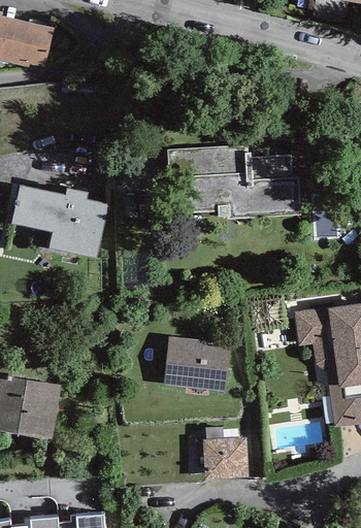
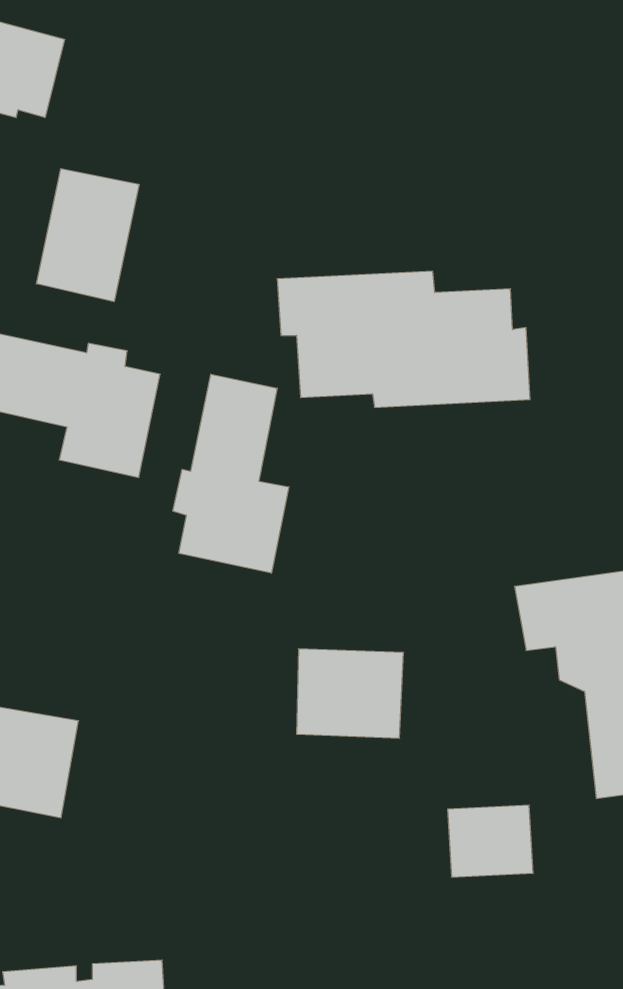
building: none -> [36,169,139,302]
building: none -> [173,374,289,573]
building: [203,438,249,476] -> [448,805,533,877]

